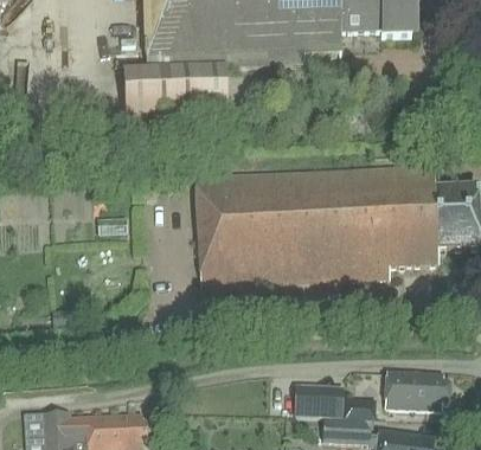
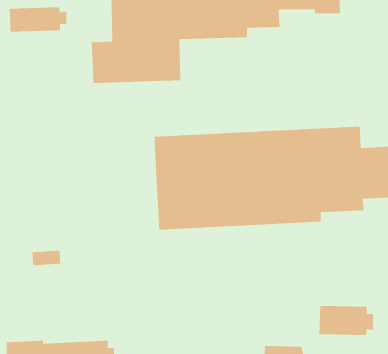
building: none -> [9,7,67,33]
building: [296,382,345,414] -> none

